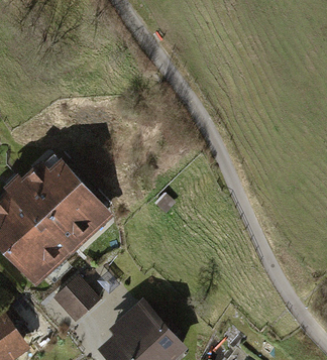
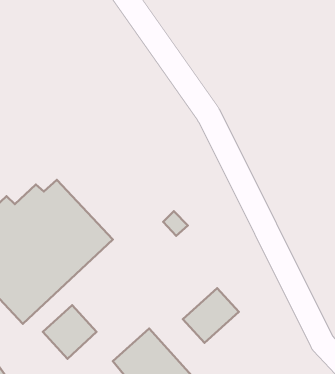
building: none -> [183,288,239,343]

